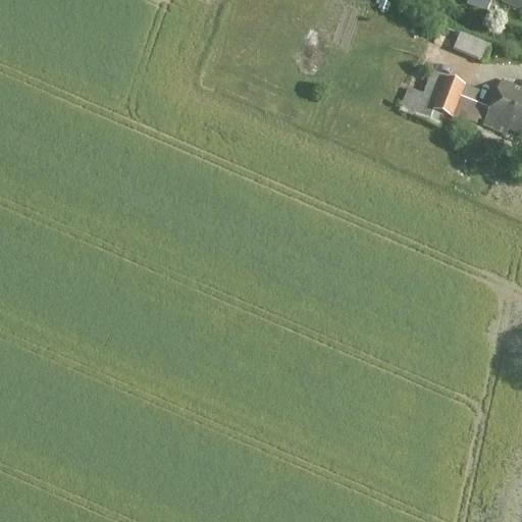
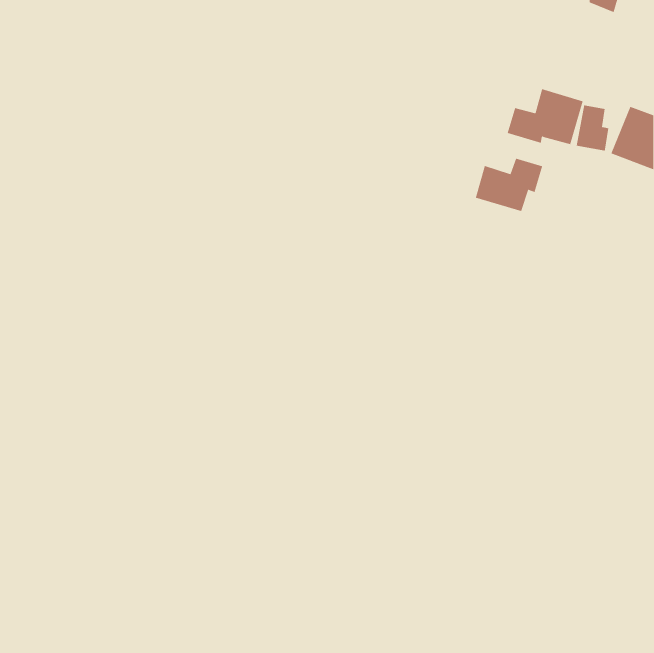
building: [456,30,487,57] -> none
building: none -> [475,158,543,212]

